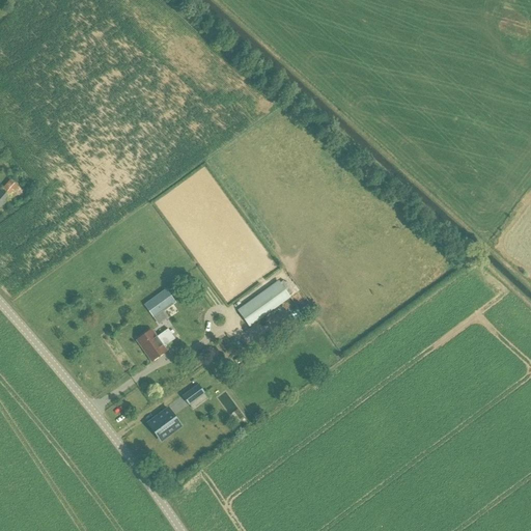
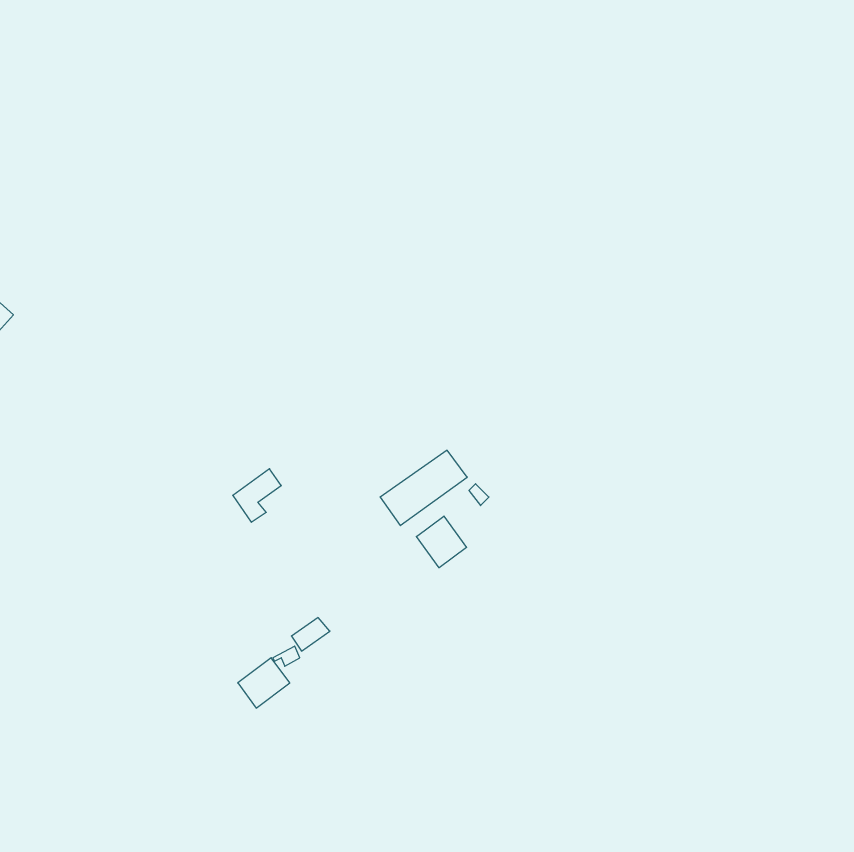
building: none -> [416,516,467,568]
building: [136,327,174,360] -> none

